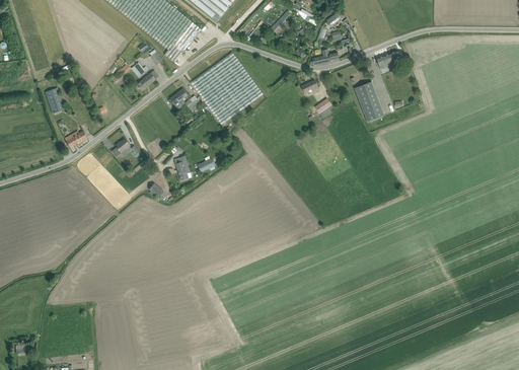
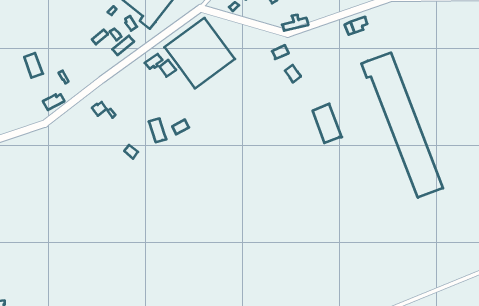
building: [354,80,384,121] -> [313,104,342,143]
building: none -> [361,53,443,198]

